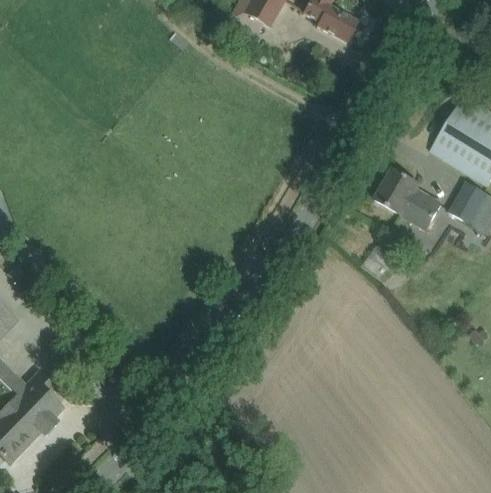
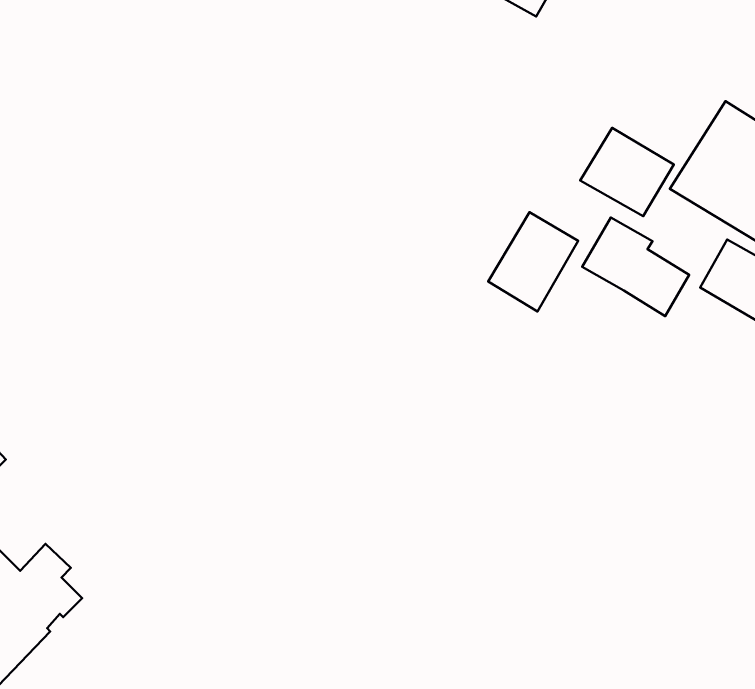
building: none -> [580,128,674,216]
building: none -> [488,212,578,312]

